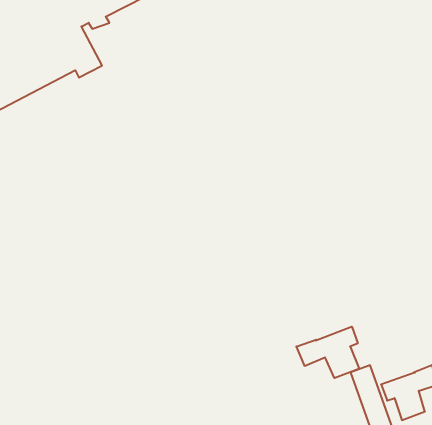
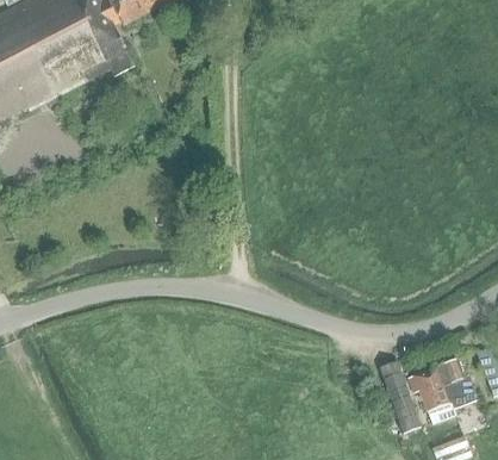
building: [296,327,359,378] -> none

